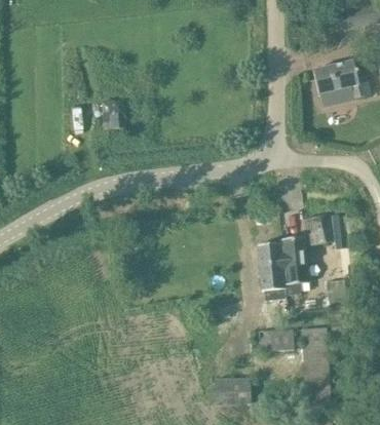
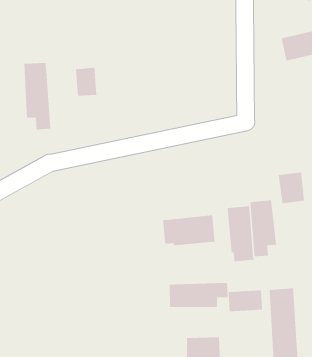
building: none -> [24,62,51,131]
building: none -> [162,214,215,246]
building: none -> [169,282,228,308]

